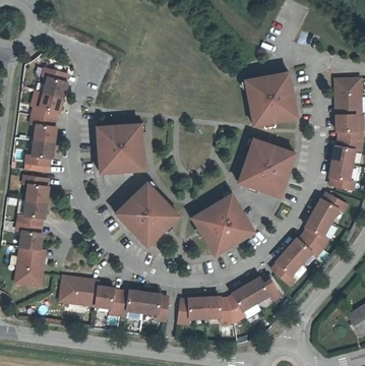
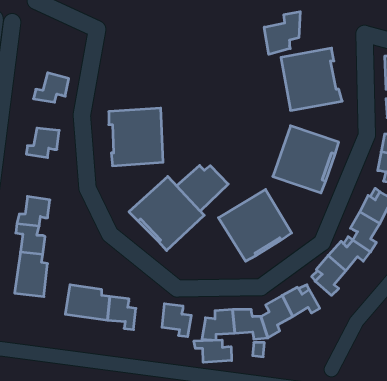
building: none -> [264,12,300,54]
building: [42,68,66,98] -> none
building: [31,115,56,142] -> none
building: none -> [177,165,228,211]
building: [22,176,48,202] -> none
building: [118,290,144,315] -> none
building: none -> [194,340,232,362]

